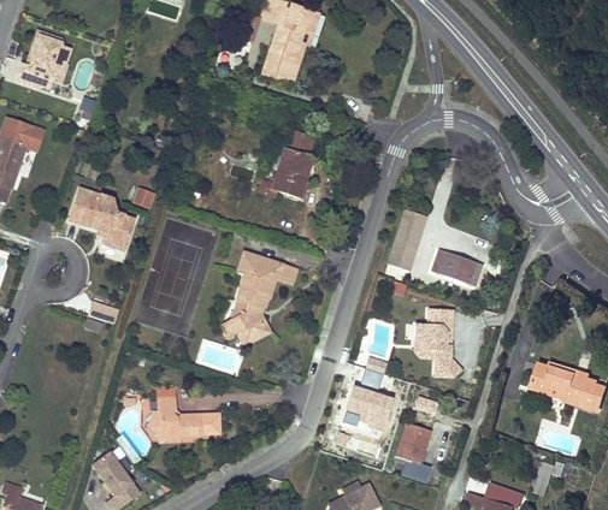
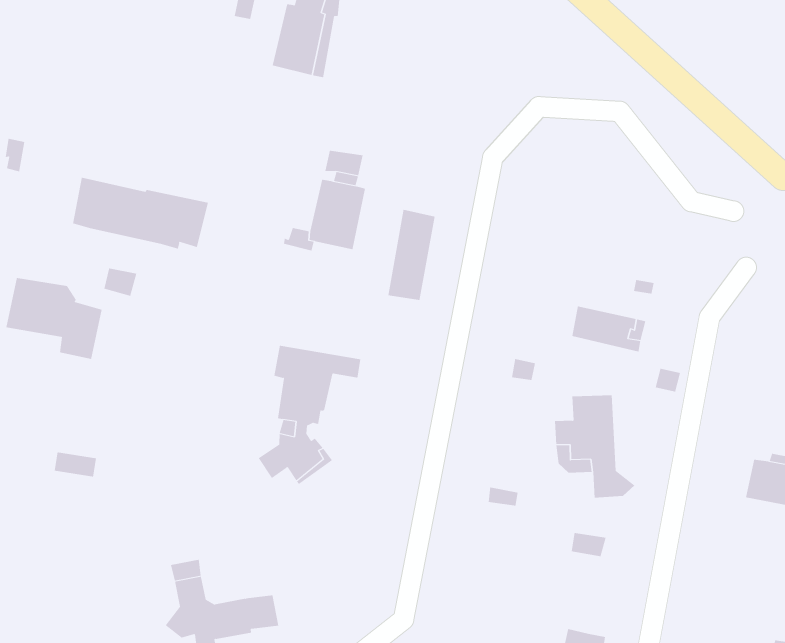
building: none -> [72,177,208,250]
building: [388,210,425,271] -> [388,209,436,301]
building: [344,387,392,431] -> none
building: [396,423,430,463] -> none

